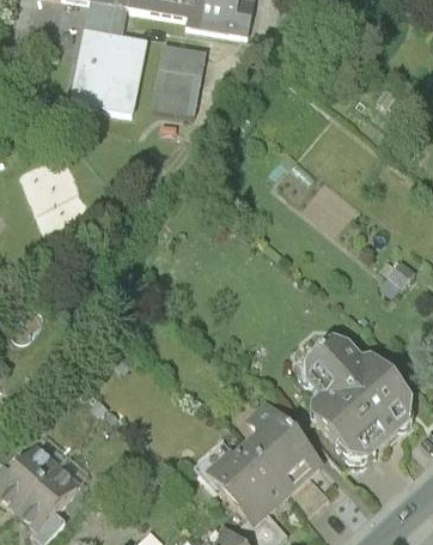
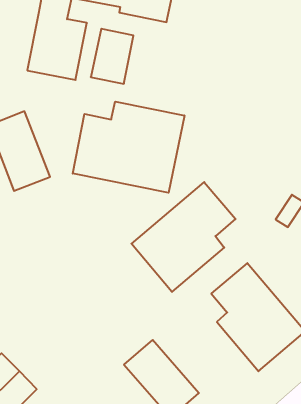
building: none -> [73,102,184,193]
building: none -> [131,182,236,292]
building: [230,404,324,502] -> none

